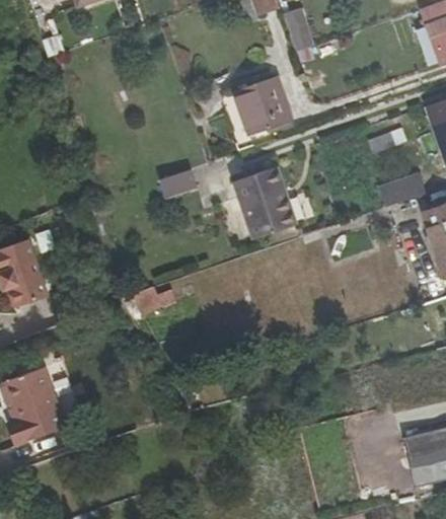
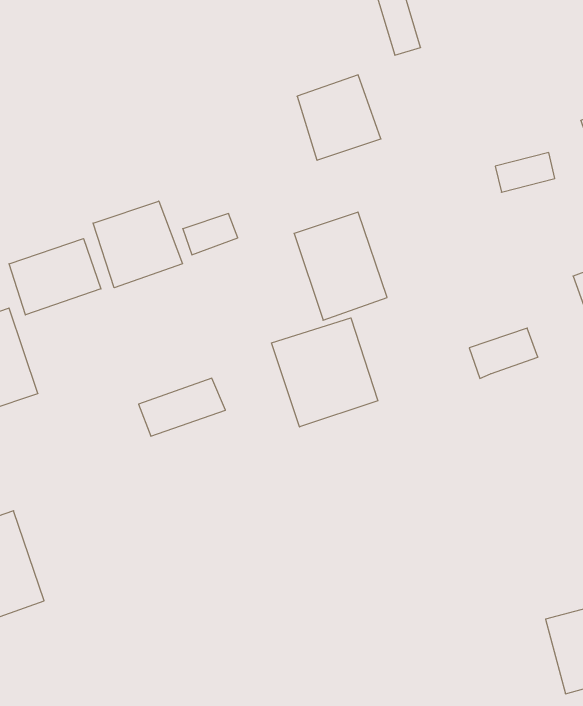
building: none -> [93,201,182,288]
building: [374,175,420,209] -> [469,328,538,378]
building: none -> [9,239,101,315]
building: none -> [272,318,378,427]

